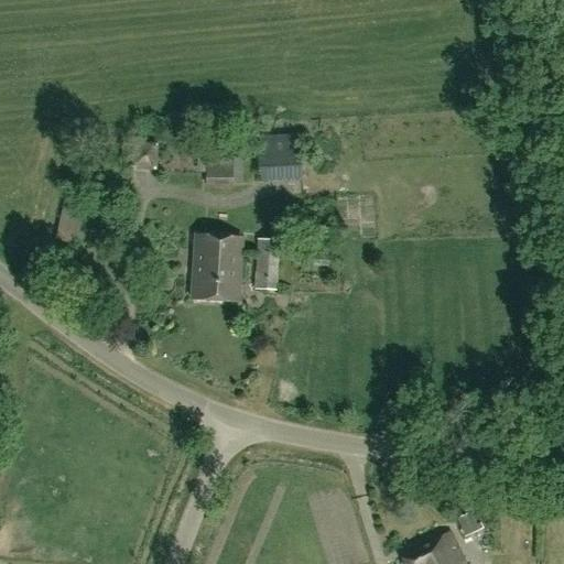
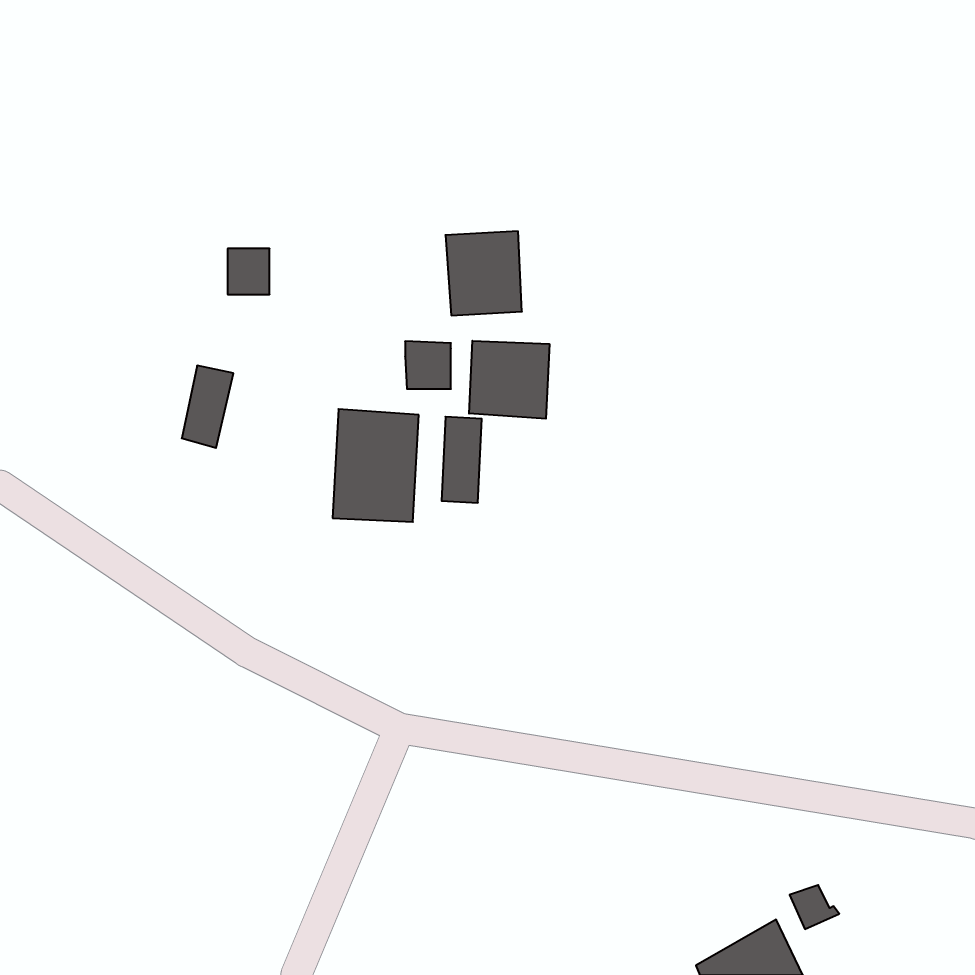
building: [207,158,234,185] -> [405,341,451,389]
building: none -> [469,341,549,419]
building: [57,197,87,245] -> [182,366,233,448]

